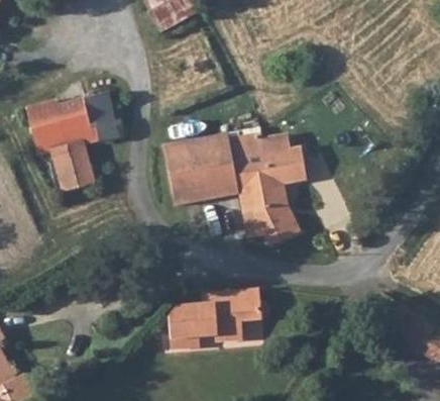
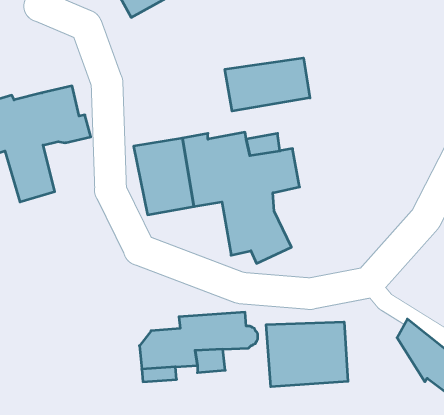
building: none -> [225,58,310,111]
building: none -> [266,322,348,387]

